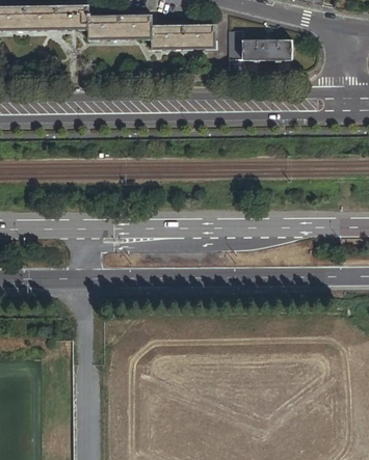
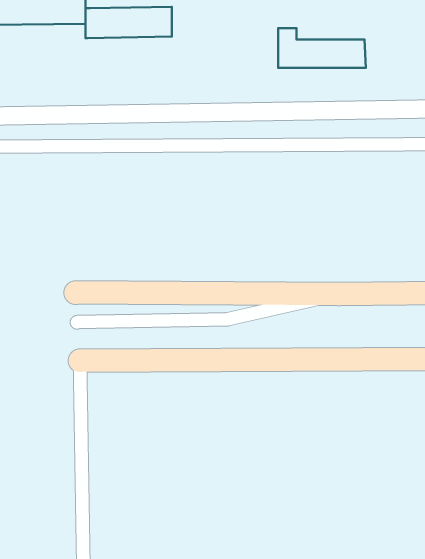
building: [150,24,214,48] -> none

